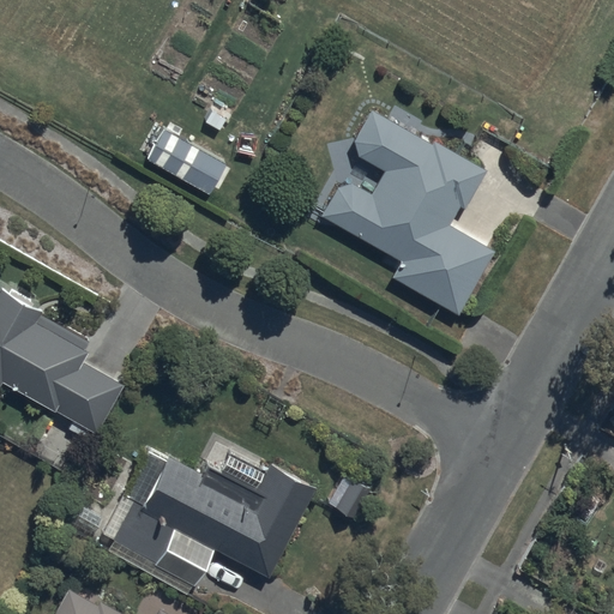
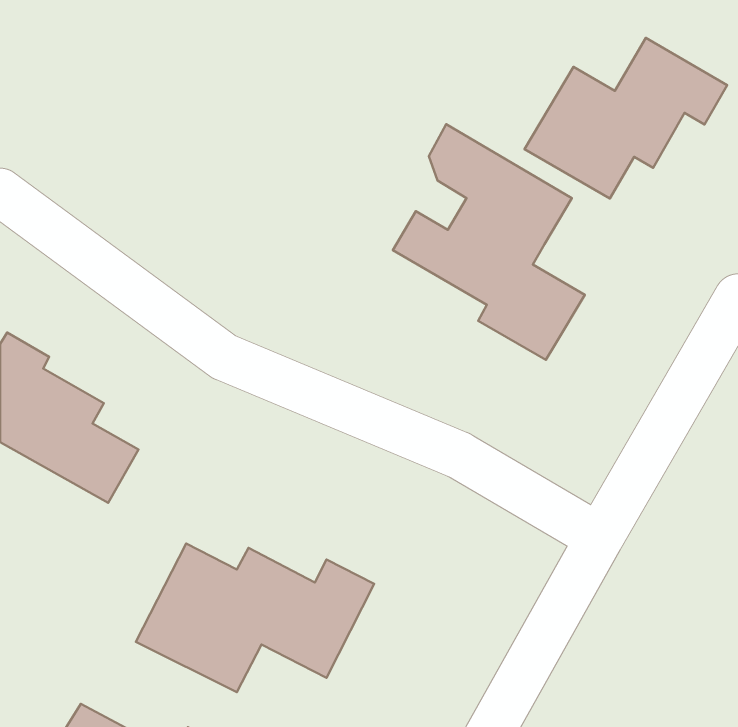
building: none -> [525,38,727,199]
building: [146,132,221,194] -> none

